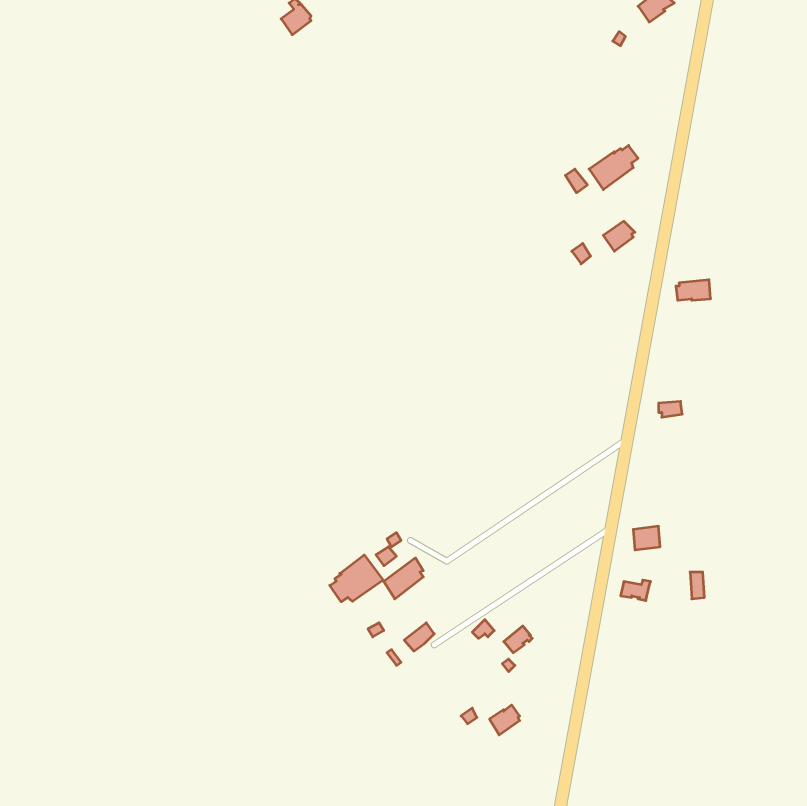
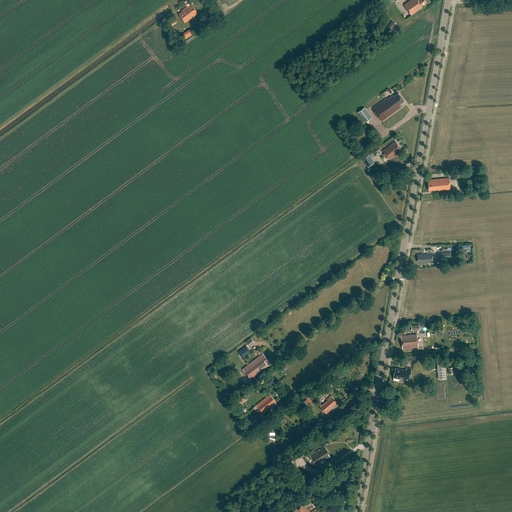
building: [330,555,383,602] -> none

